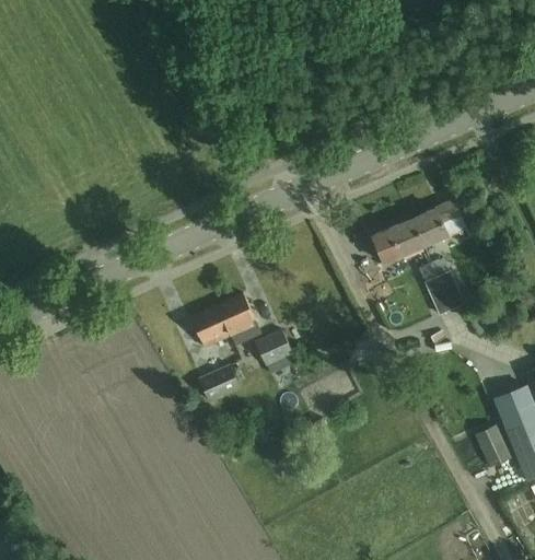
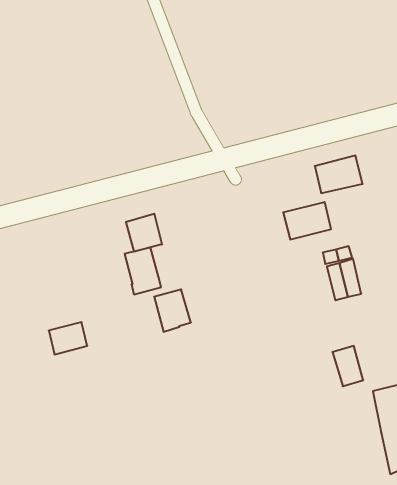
building: [412,200,464,244] -> [315,156,363,193]
building: [191,304,232,346] -> [126,214,162,252]
building: [199,364,241,401] -> [49,322,87,354]
building: [475,424,511,467] -> [332,346,363,386]

